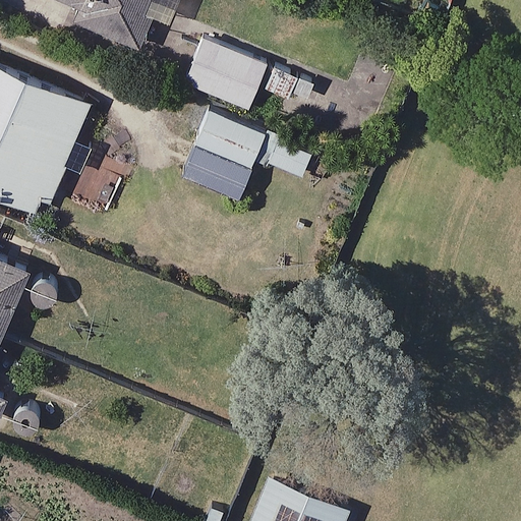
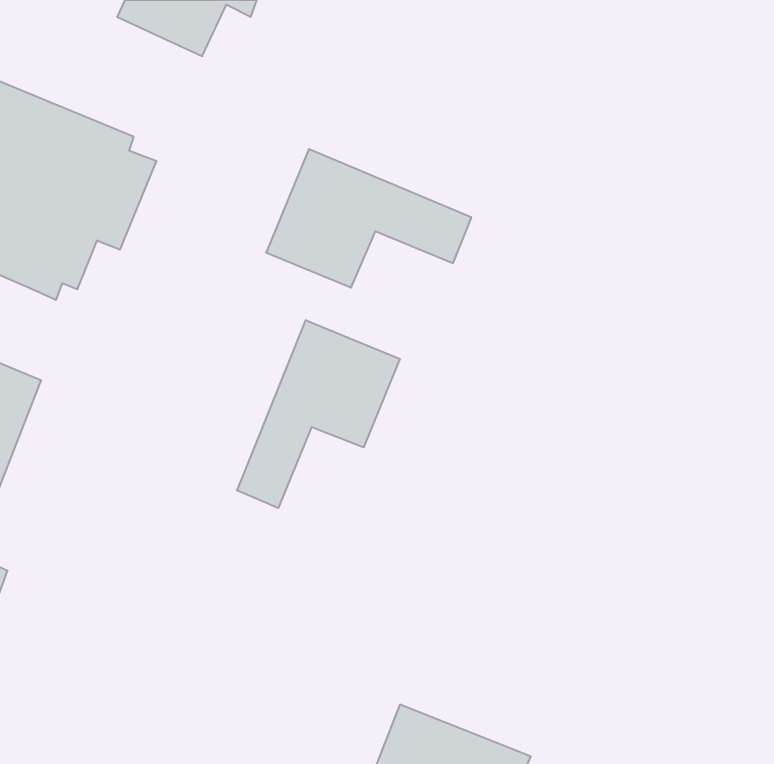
building: [183,33,269,113] -> none
building: none -> [237,320,400,508]

